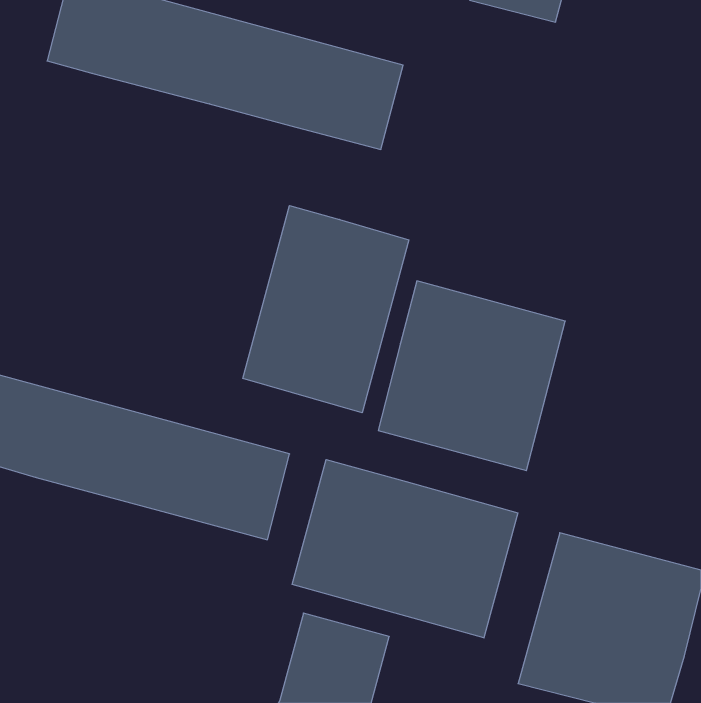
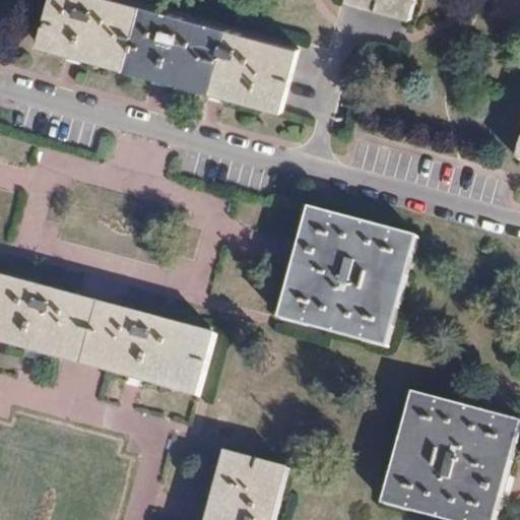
building: [243,206,409,413] -> none
building: [292,460,518,638] -> none

